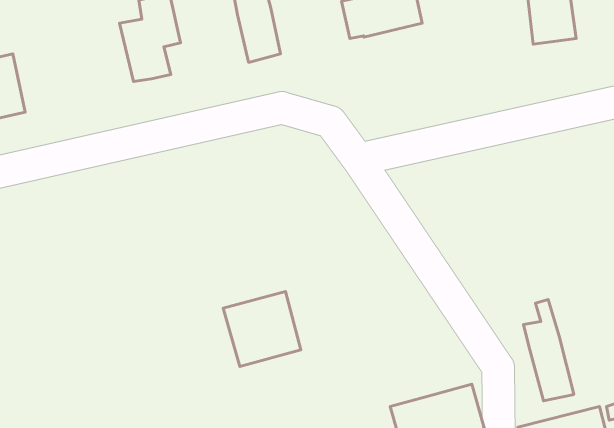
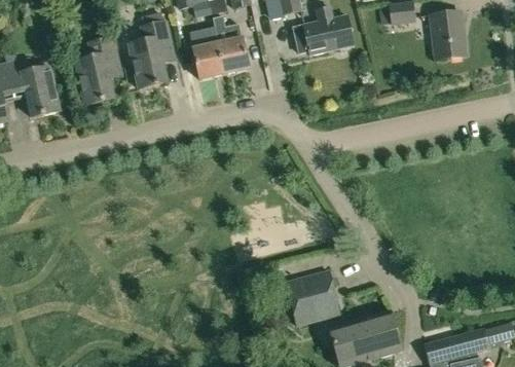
building: none -> [75,38,120,104]
building: none -> [193,43,224,78]
building: [223,292,301,367] -> [284,271,341,327]
building: [523,299,574,401] -> none

